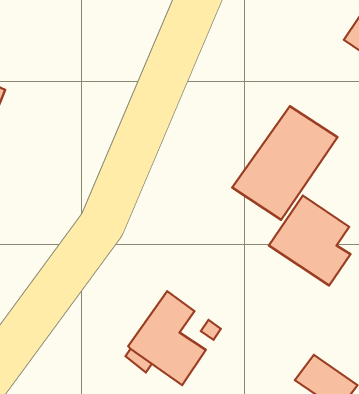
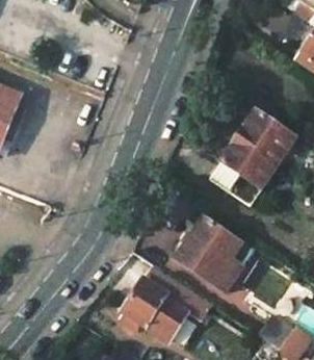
building: [269,195,350,286] -> [174,217,241,292]

